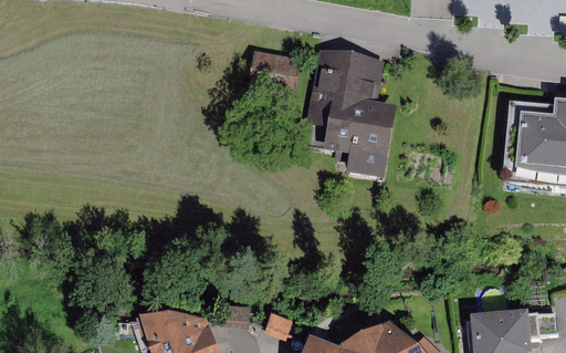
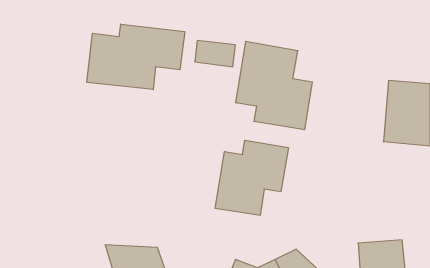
building: none -> [87,24,185,90]
building: none -> [215,140,288,215]

